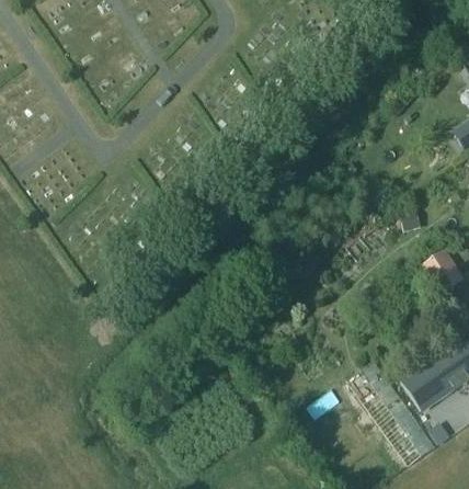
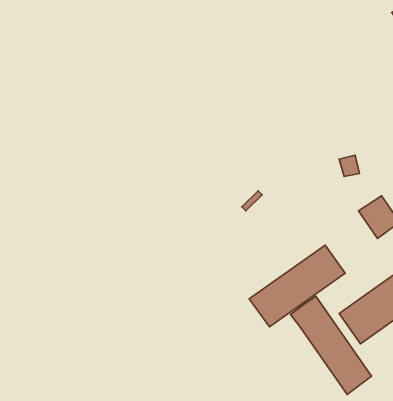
building: none -> [249,245,345,327]

